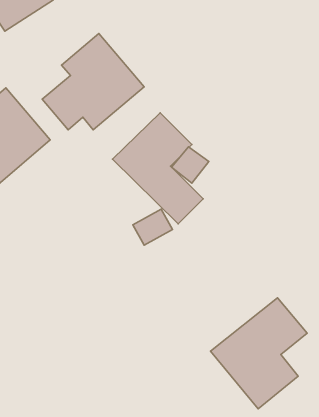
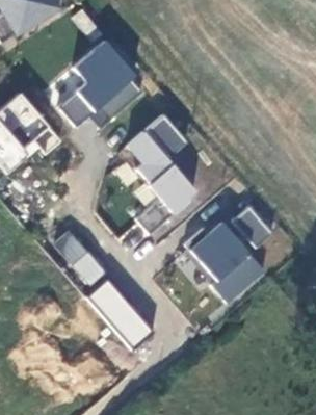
building: none -> [52,228,104,287]
building: none -> [85,279,149,347]
building: [211,298,307,409] -> [185,201,273,303]

